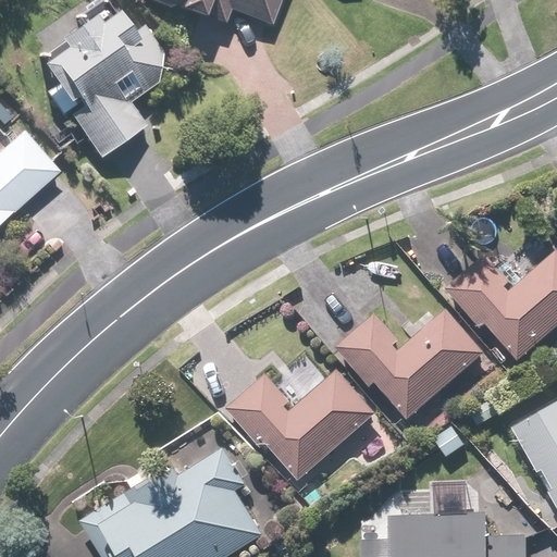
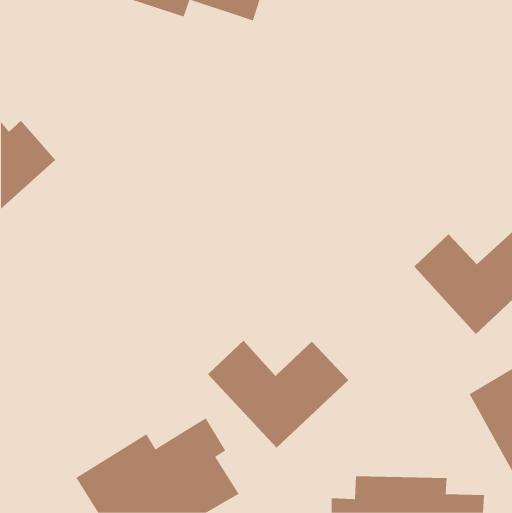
building: [37,5,161,159] -> none
building: [336,311,482,423] -> none

